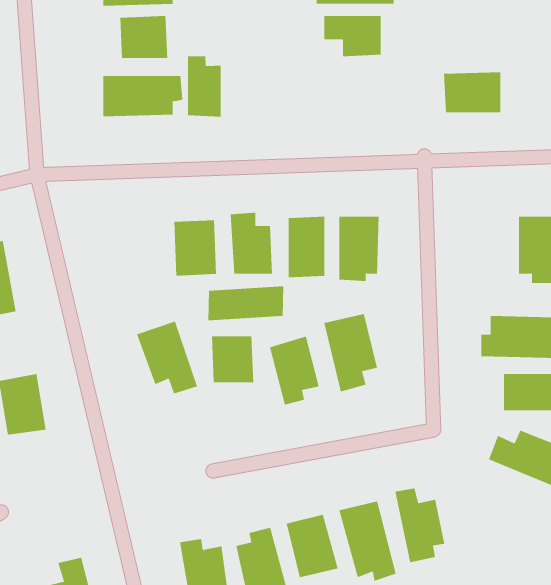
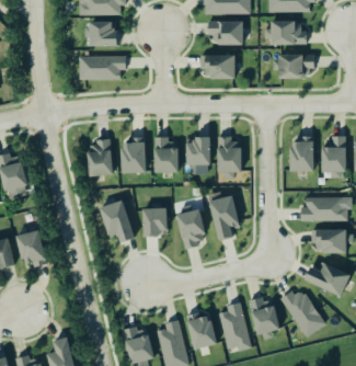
building: none -> [271,21,307,44]
building: [187,56,221,117] -> none
building: none -> [205,55,234,78]
building: none -> [289,136,313,171]
building: none -> [88,141,112,175]
building: [208,285,284,321] -> none
building: none -> [280,290,324,336]

